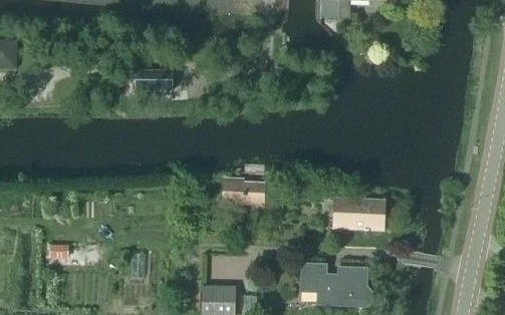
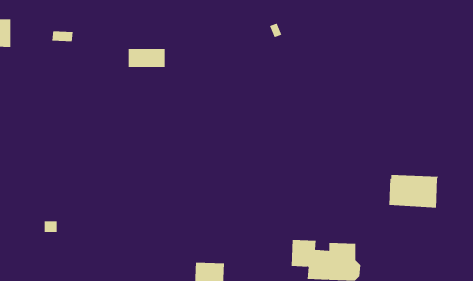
building: [221,176,264,204] -> none
building: [333,197,385,231] -> [389,174,439,208]

